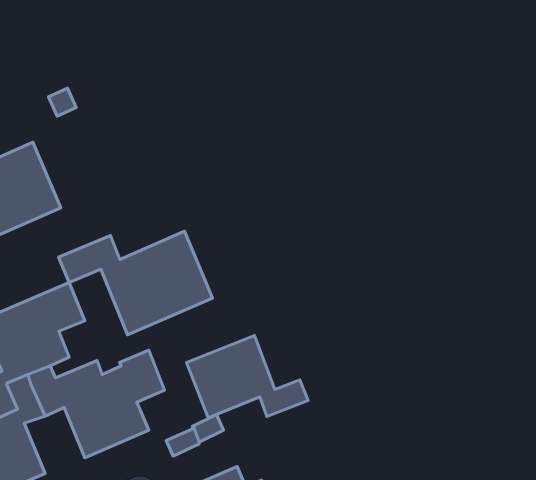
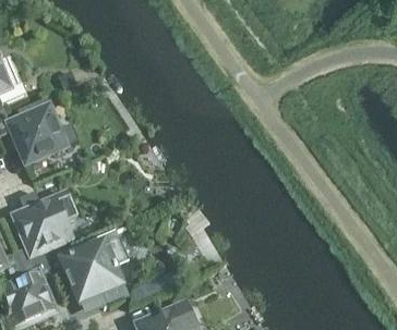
building: [59,231,213,335] -> none
building: [187,335,308,418] -> none

